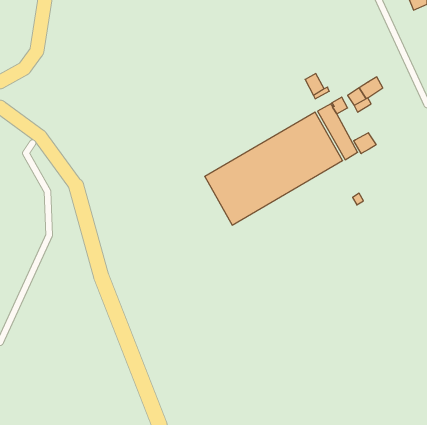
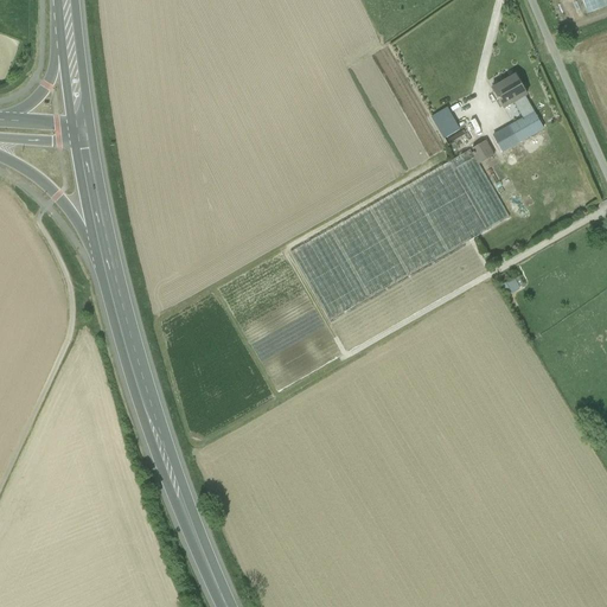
building: none -> [493,71,535,116]
building: [354,133,376,154] -> none

